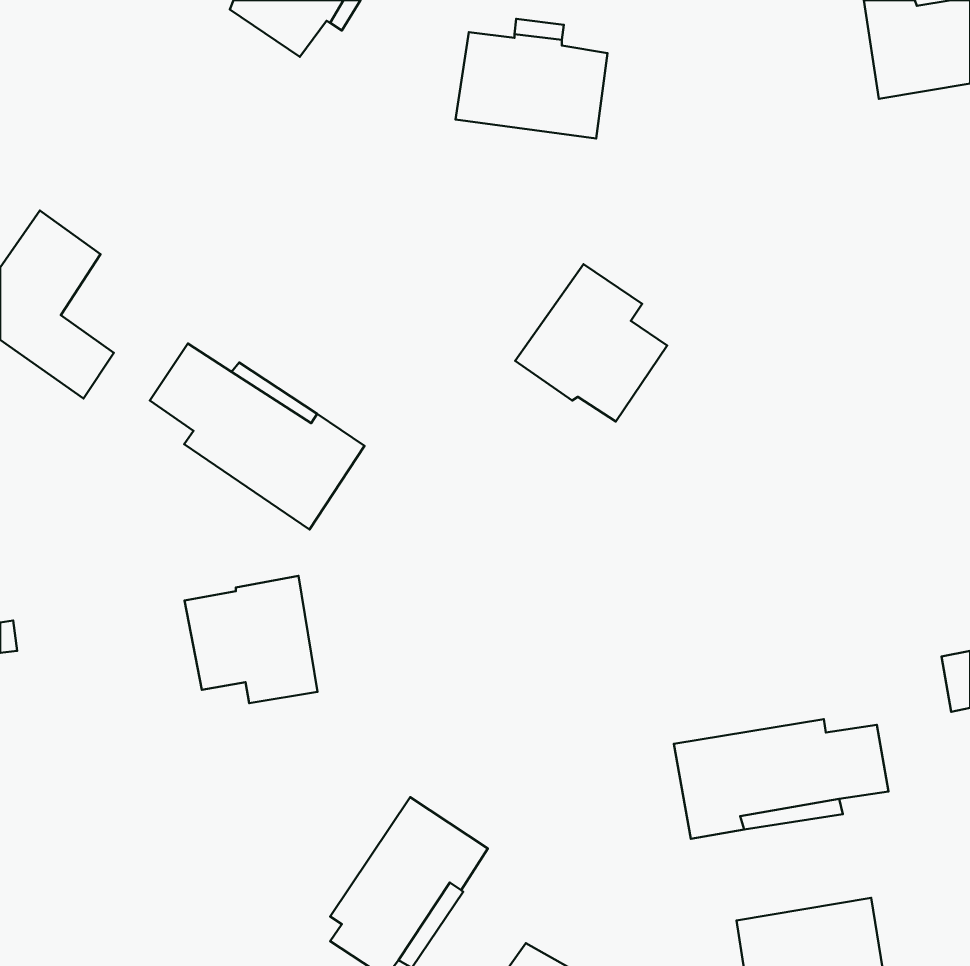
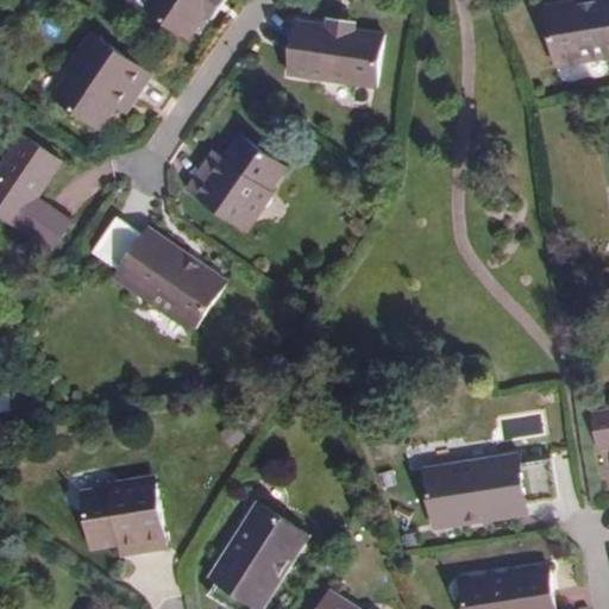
building: none -> [51,32,151,128]
building: [515,264,667,422] -> [189,128,284,227]
building: [185,576,317,703] -> [80,475,163,554]

